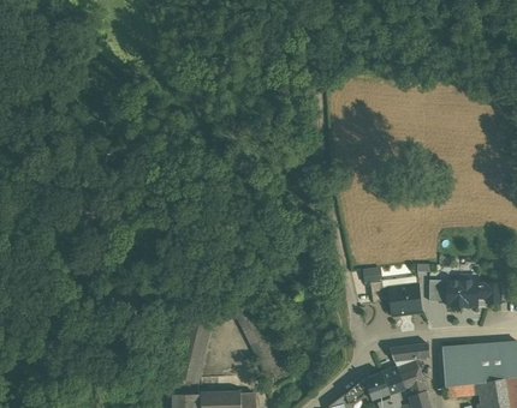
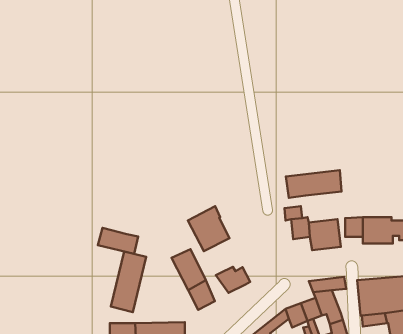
building: none -> [286,170,342,198]
building: none -> [188,206,229,251]
building: none -> [98,228,138,254]
building: none -> [216,267,250,293]

